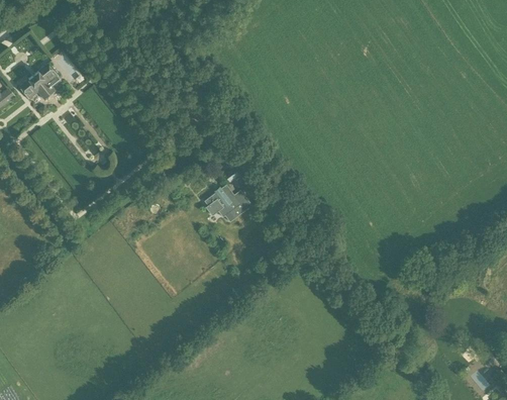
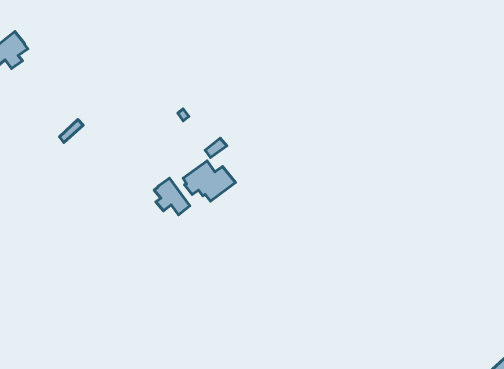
building: none -> [154,178,190,215]

